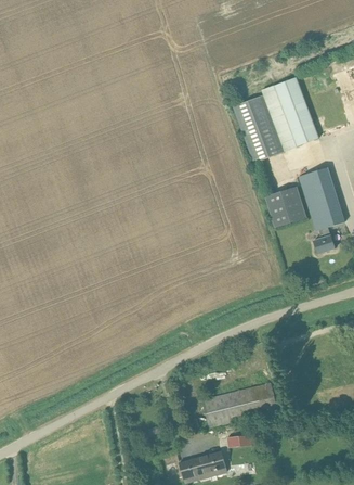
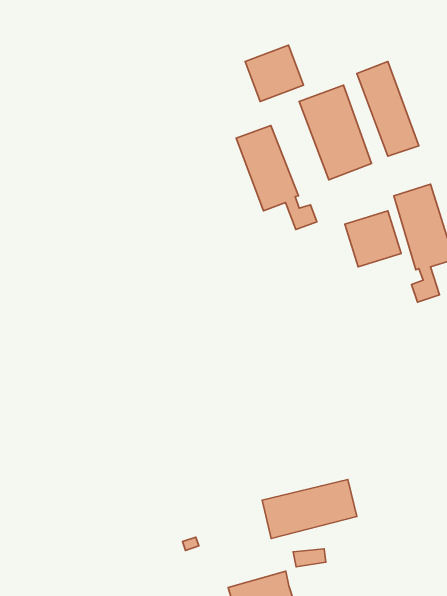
building: none -> [245,45,304,101]
building: none -> [236,125,317,229]

